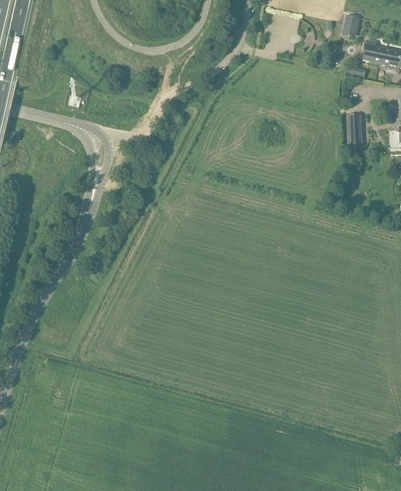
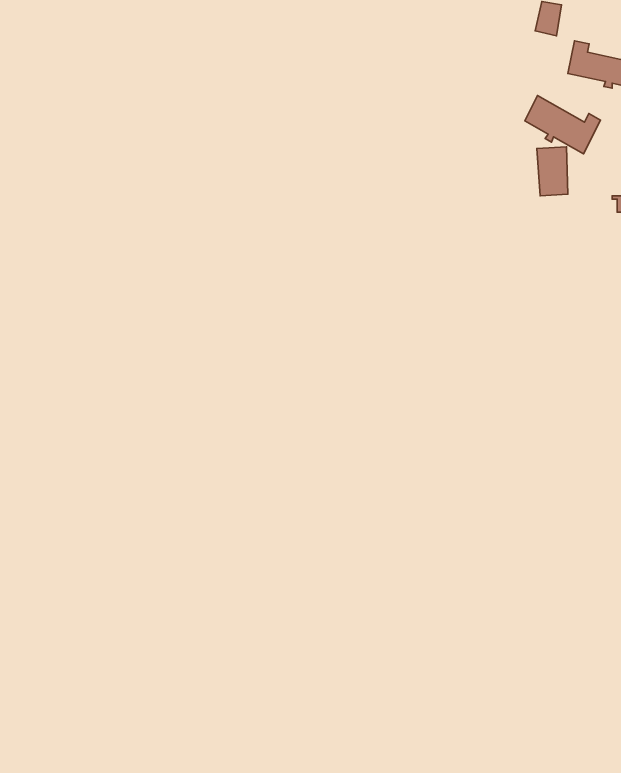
building: none -> [525,95,601,154]

